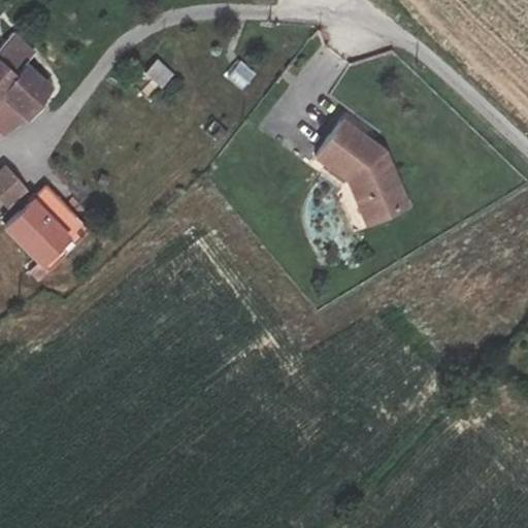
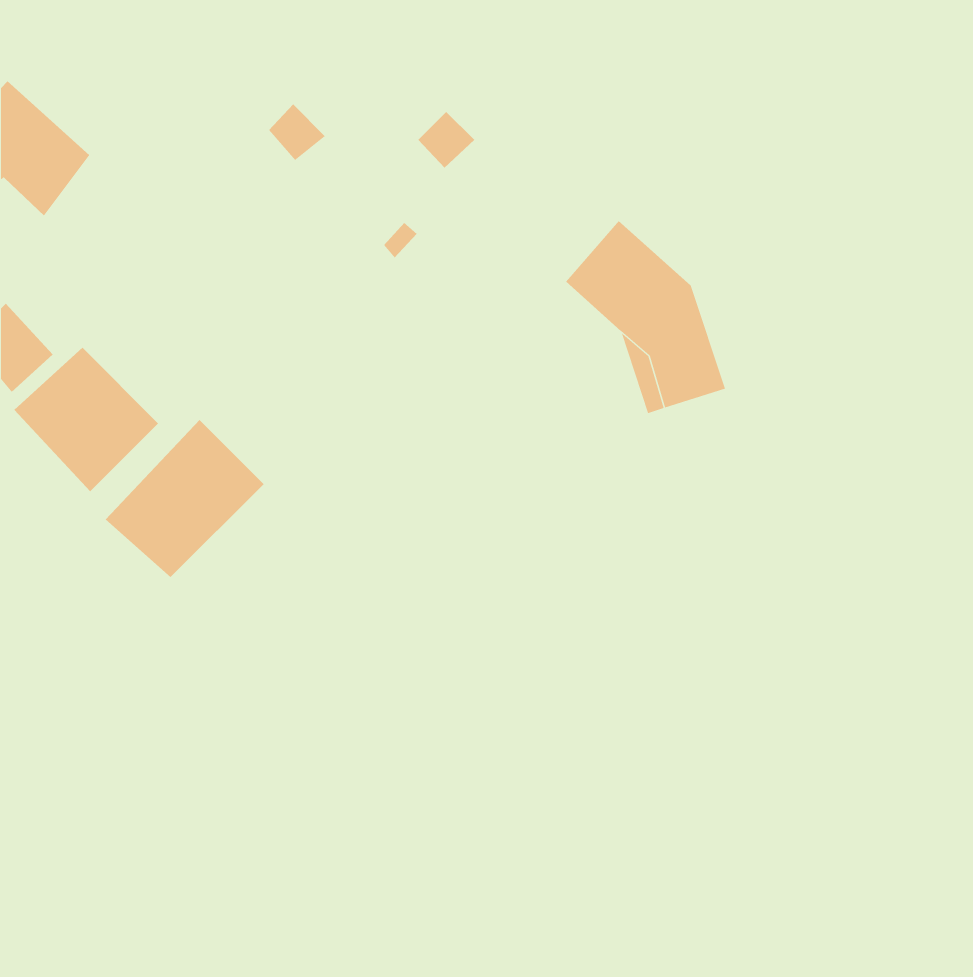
building: none -> [105,419,264,578]

